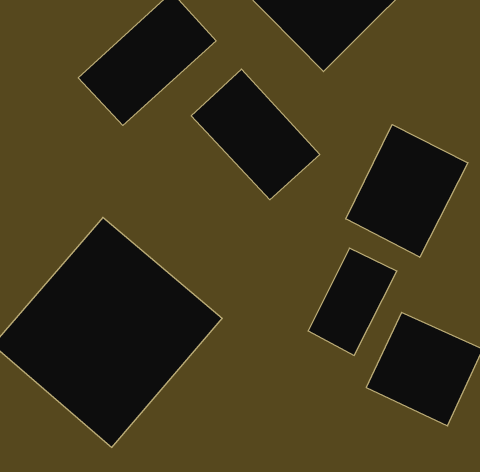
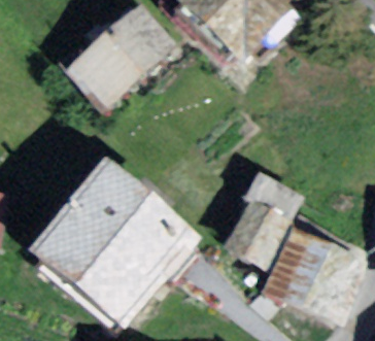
building: [191,69,320,200] -> none
building: [346,125,468,257] -> none

